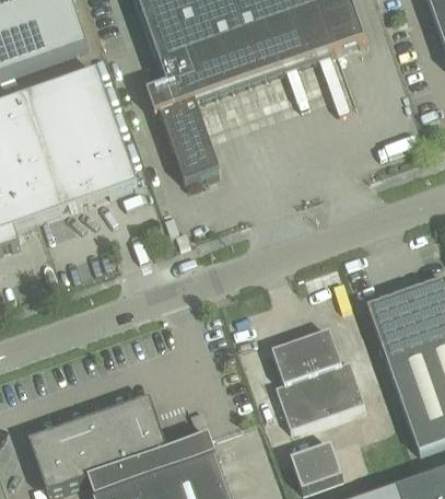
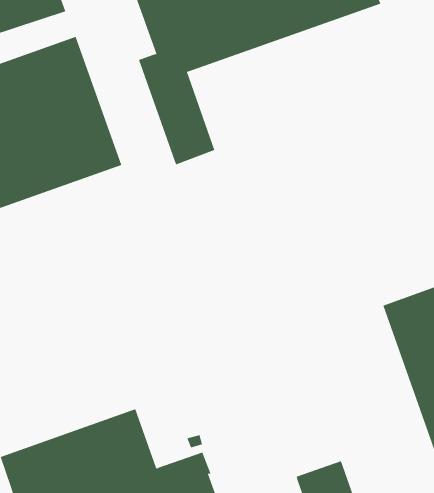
building: [270,328,363,427] -> none

